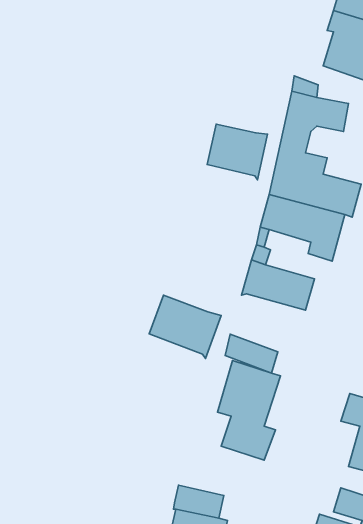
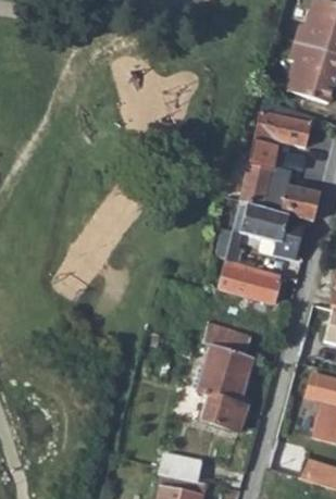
building: [207,124,267,180] -> none
building: [149,295,221,359] -> none

